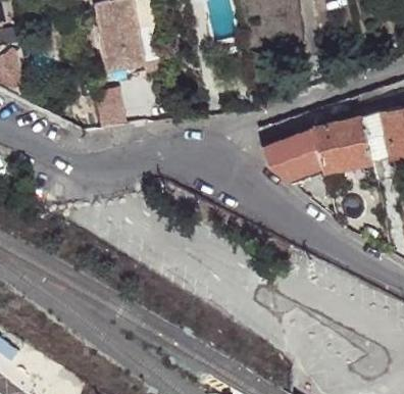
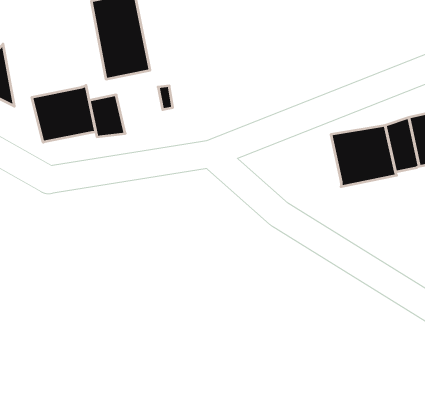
building: none -> [32,85,96,142]
building: [263,127,321,182] -> none

